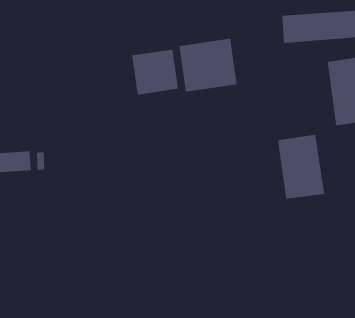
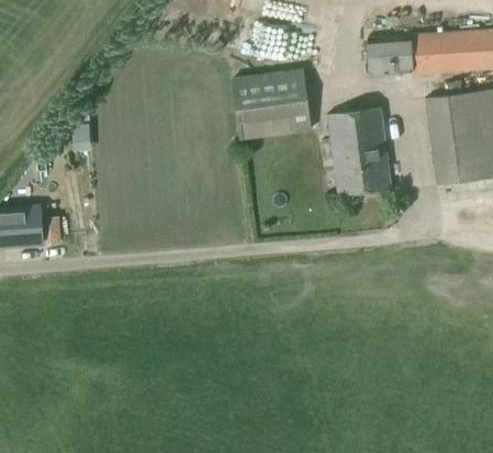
building: [131,49,179,95] -> none
building: [277,134,325,199] -> [328,109,391,194]

